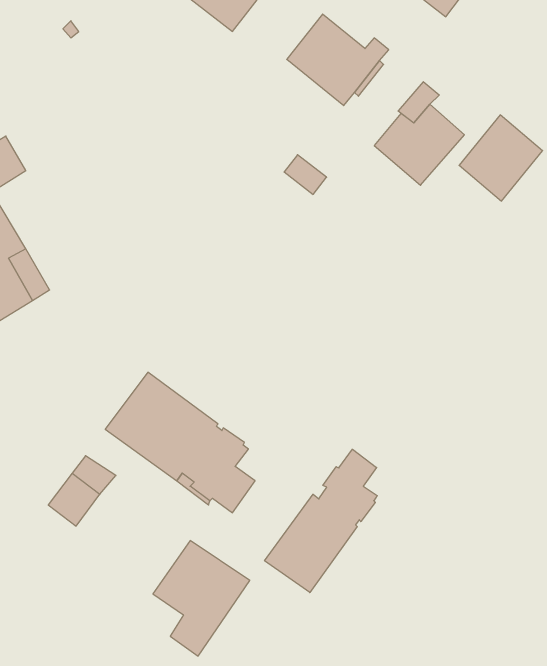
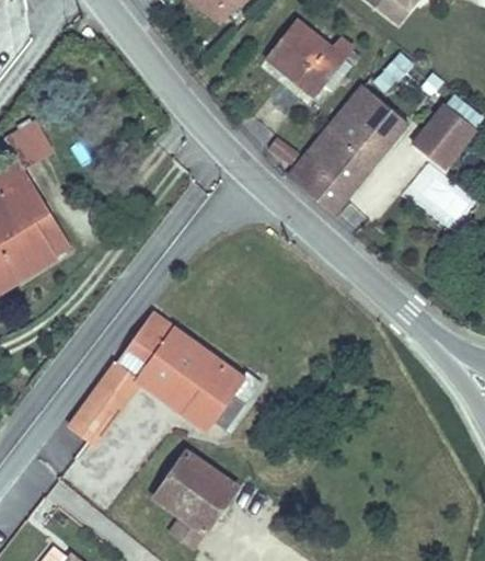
building: none -> [296,126,377,210]
building: [265,449,377,593] -> none

